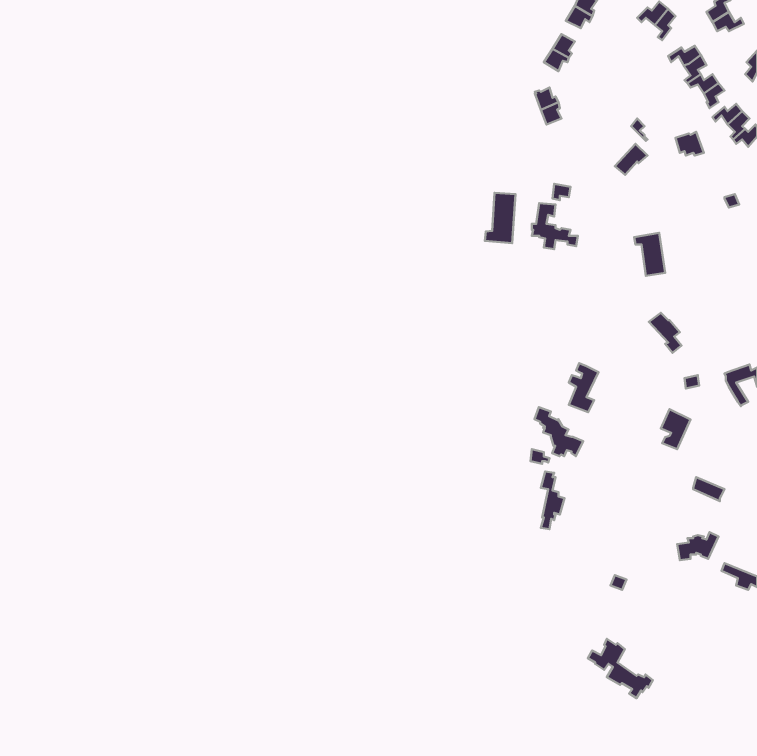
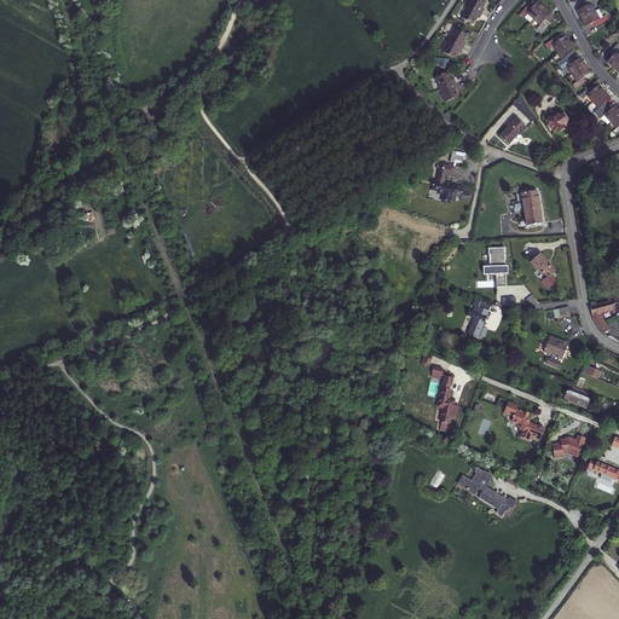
building: [485,193,515,243] -> none
building: none -> [482,248,509,295]
building: [534,407,583,456] -> [505,400,545,440]
building: [588,639,653,698] -> [461,465,514,514]

